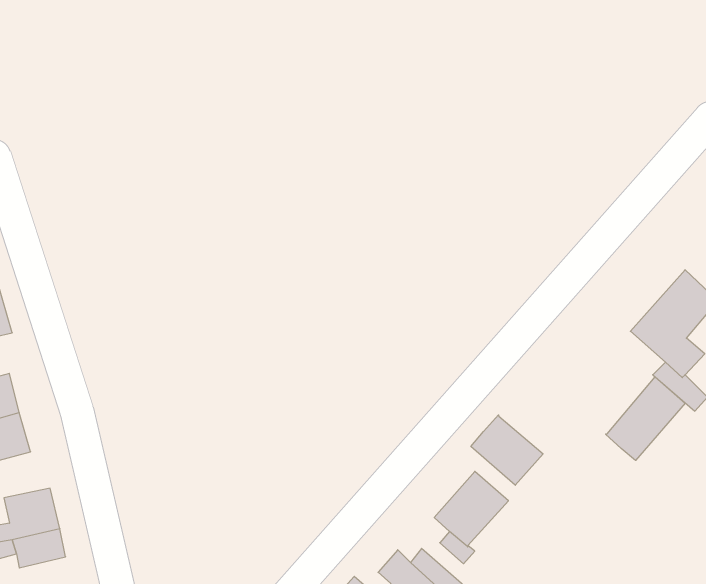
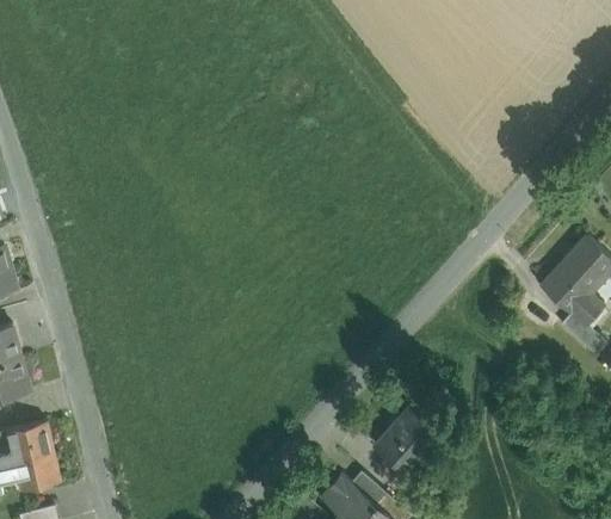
building: [606,377,685,460] -> none
building: [471,415,543,485] -> none

